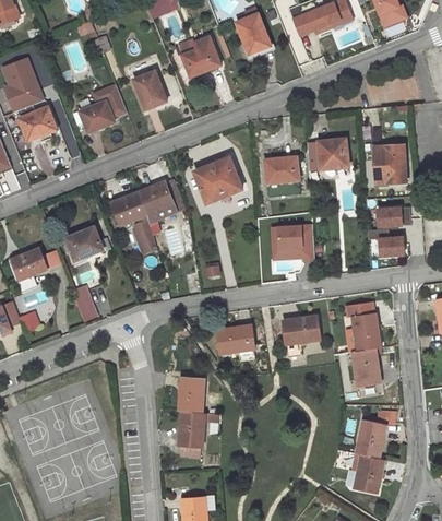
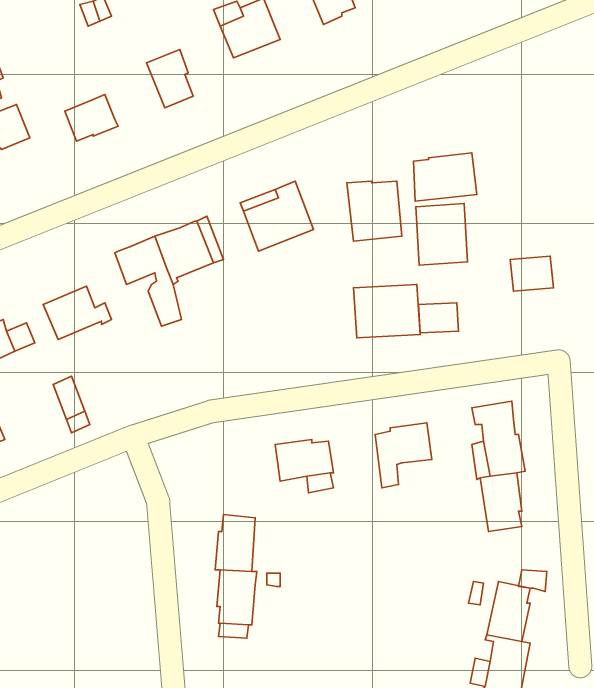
building: [94,85,127,117] -> none
building: [373,144,407,185] -> [416,203,468,265]
building: [374,237,401,257] -> [418,303,458,333]

